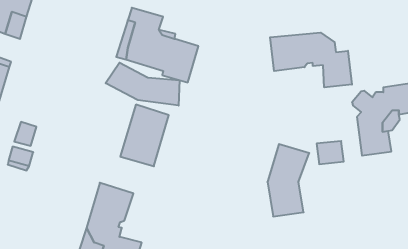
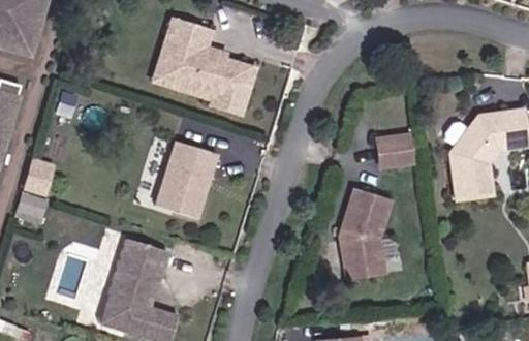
building: [270,33,352,87] -> none
building: [106,63,179,106] -> none
building: [317,141,344,164] -> [381,137,415,166]

